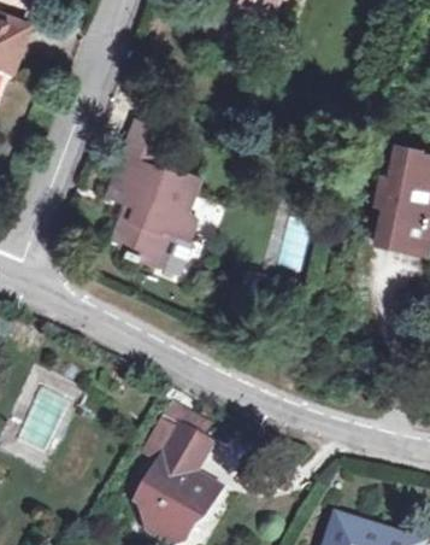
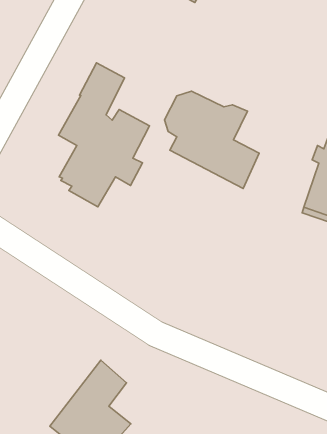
building: none -> [165,91,259,188]

